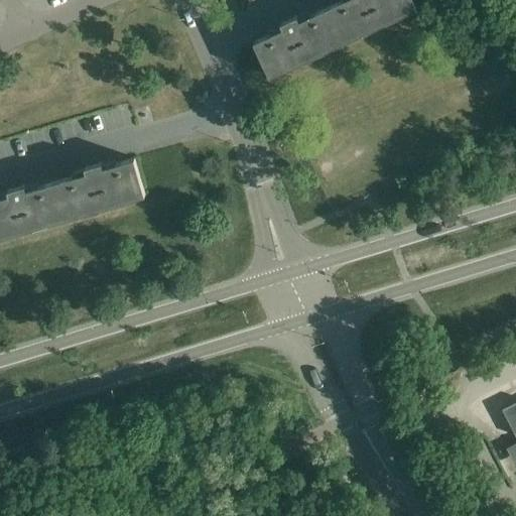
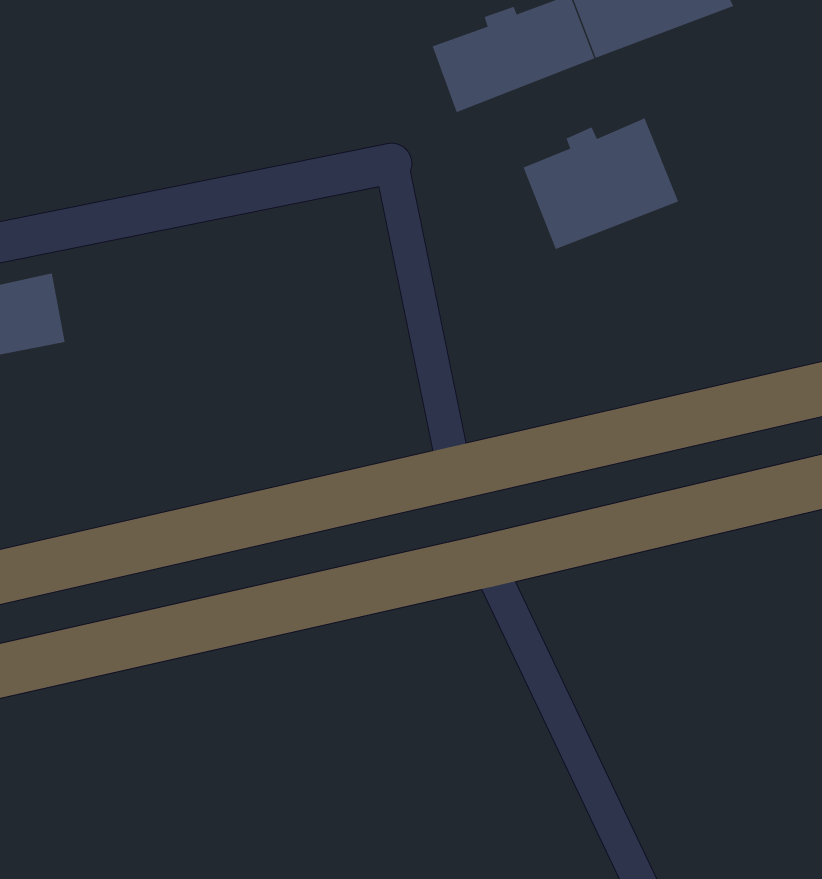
building: none -> [523,117,679,250]
building: [56,160,145,220] -> none

